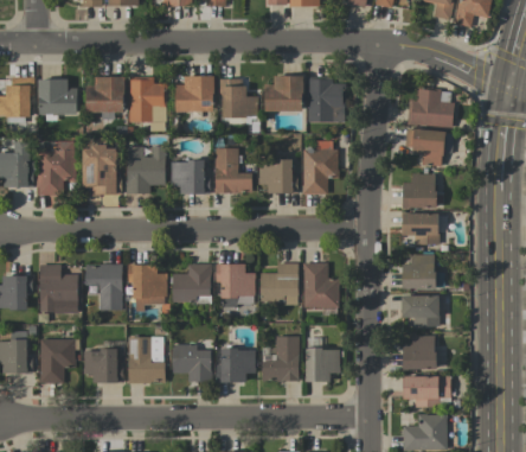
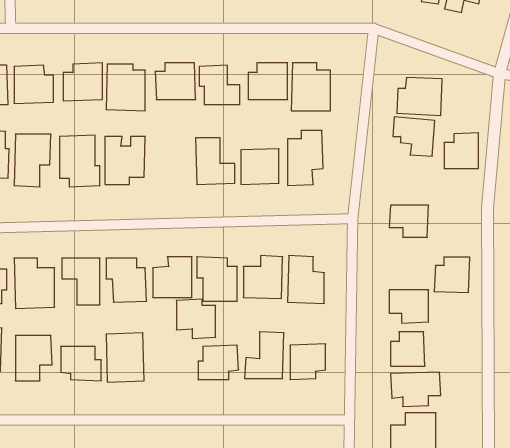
building: [171,160,210,195] -> none
building: [403,173,436,208] -> [444,133,478,168]
building: [402,255,436,289] -> [434,257,470,293]
building: [173,344,211,382] -> [176,299,216,338]

